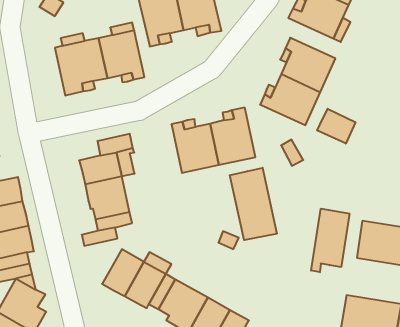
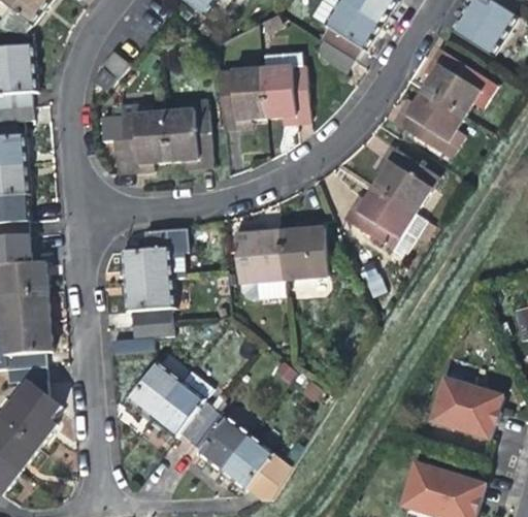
building: [317,109,356,144] -> none
building: [230,168,277,240] -> none
building: [311,209,349,272] -> none

